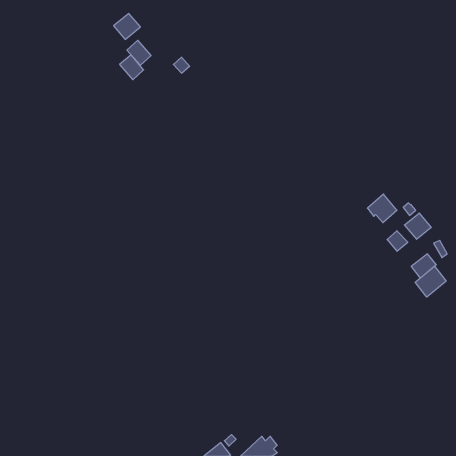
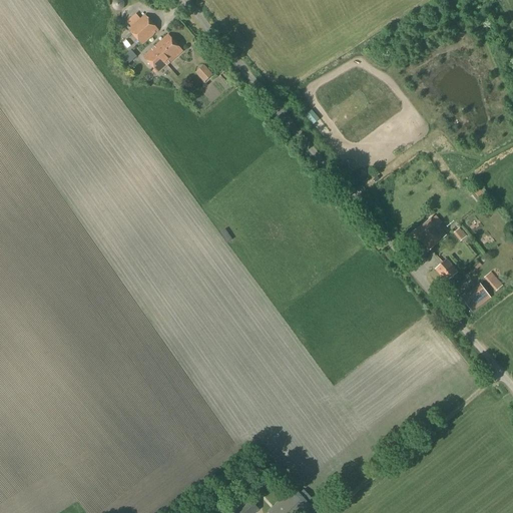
building: [120,55,144,80] -> [154,34,181,62]
building: [404,213,431,239] -> none
building: [415,266,446,297] -> none

